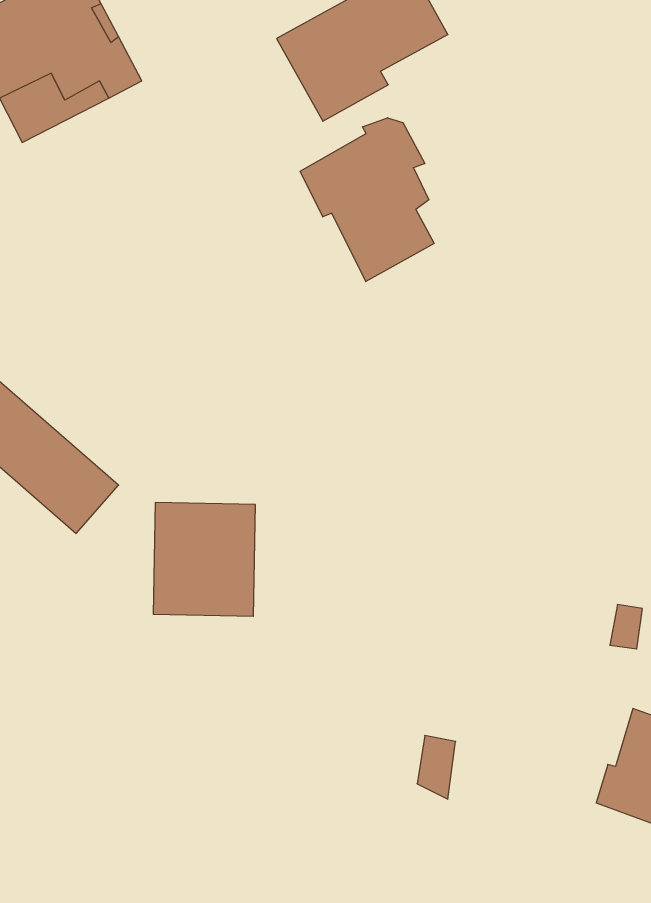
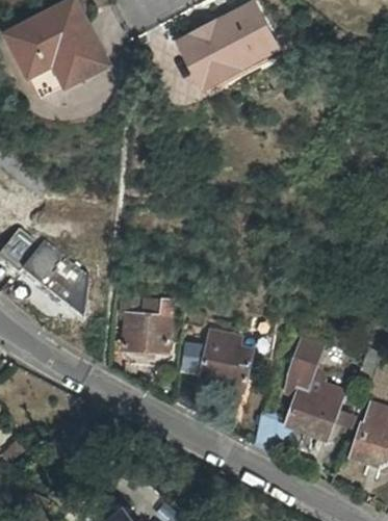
building: [300,118,434,282] -> none
building: none -> [179,330,252,383]
building: none -> [286,341,344,437]

